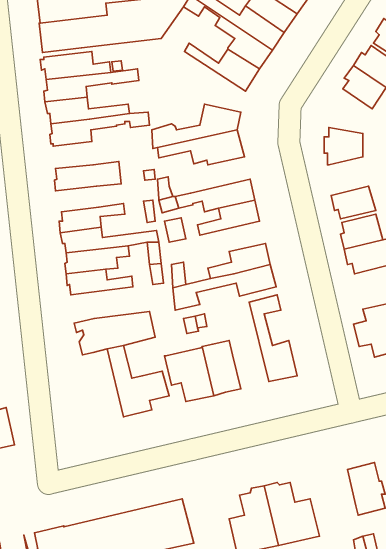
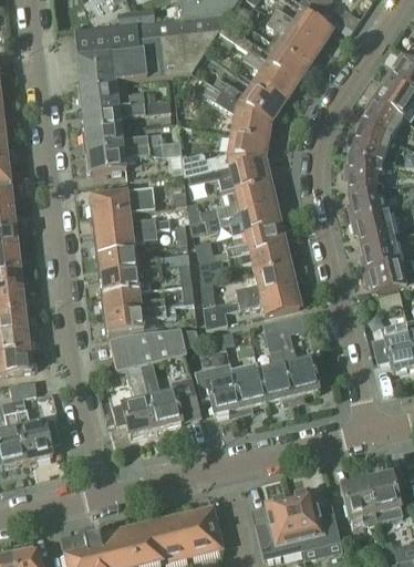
building: none -> [196,78,271,141]
building: none -> [349,122,390,161]
building: none -> [216,183,276,217]
building: none -> [348,186,387,219]
building: none -> [92,210,169,235]
building: none -> [228,244,290,272]
building: none -> [105,306,166,333]
building: none -> [259,320,293,402]
building: none -> [112,364,156,435]
building: none -> [341,478,375,518]

